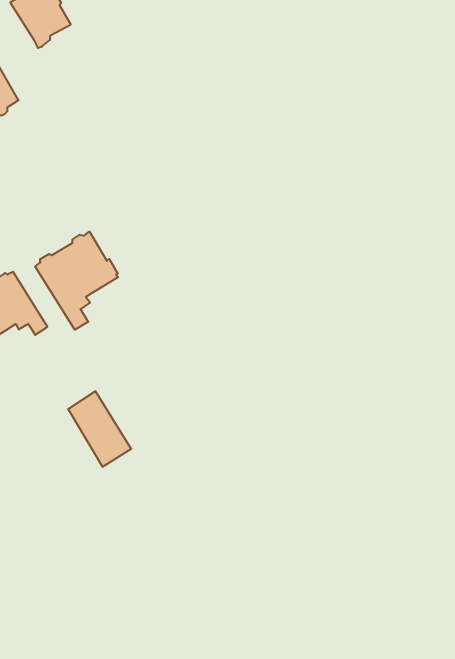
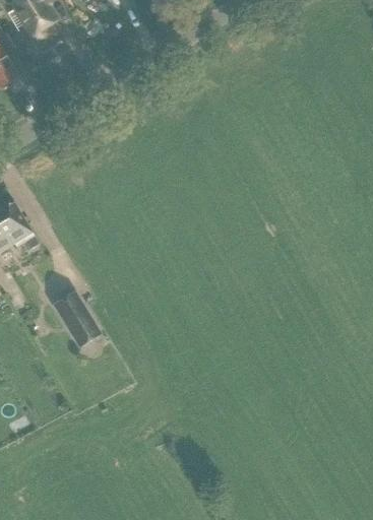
building: [35,232,118,330] -> none

